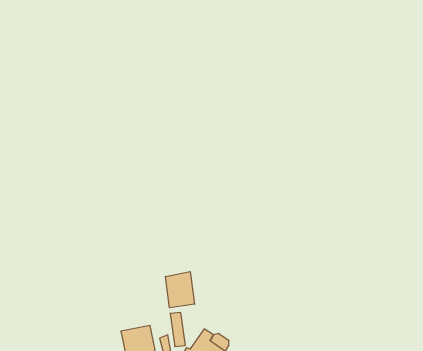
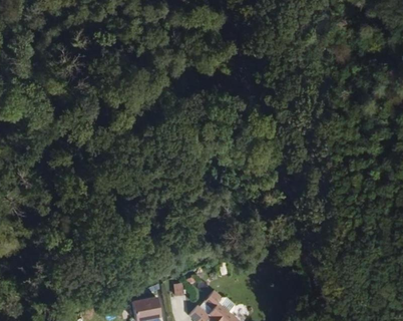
building: [165,272,195,308] -> none

